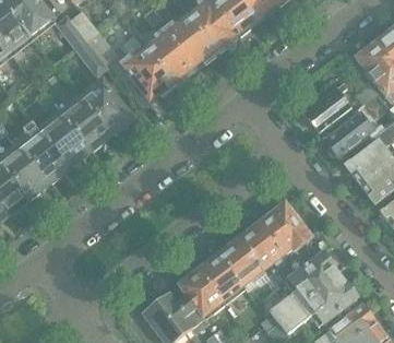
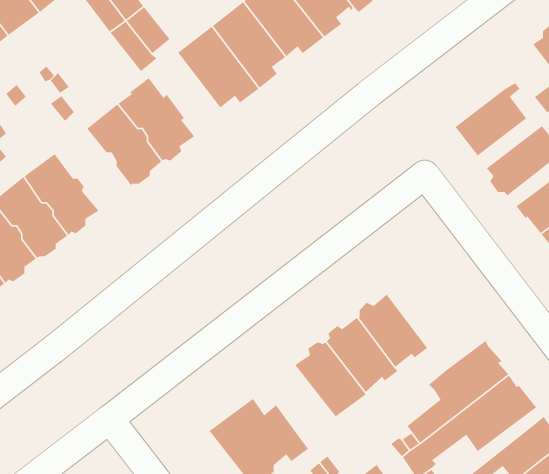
building: [38,113,88,167] -> none
building: [258,202,311,258] -> none
building: [177,269,224,320] -> none

